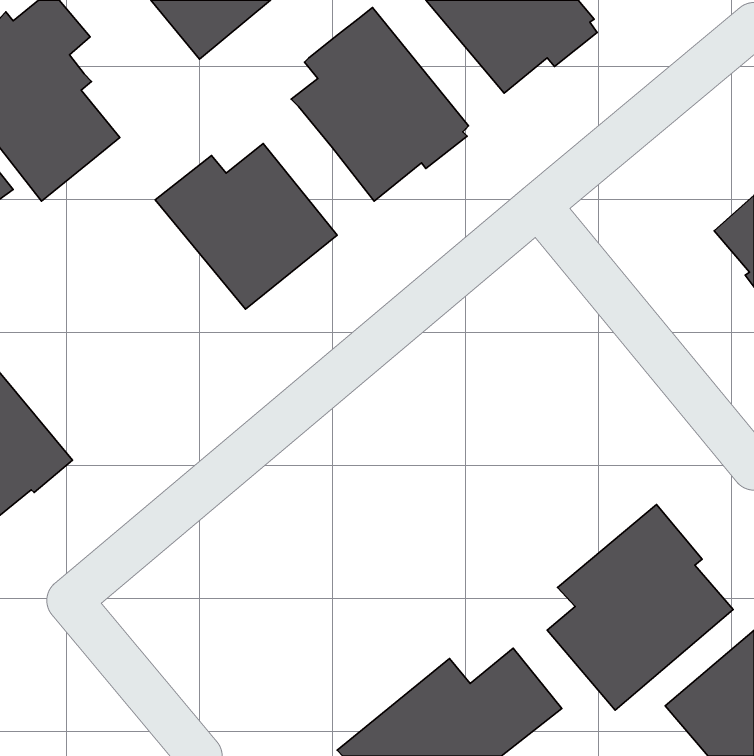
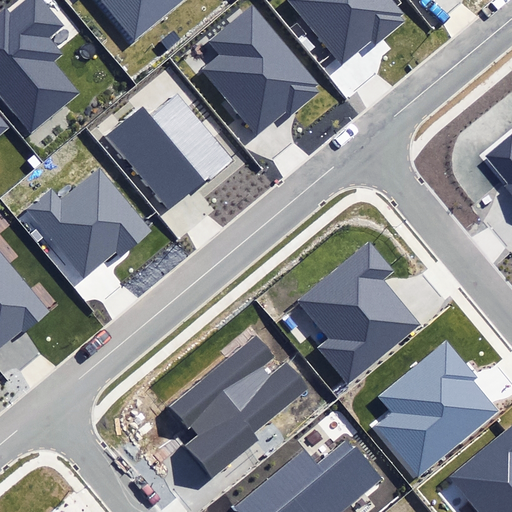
building: none -> [29,167,152,277]
building: none -> [295,244,417,385]
building: none -> [177,341,309,481]

